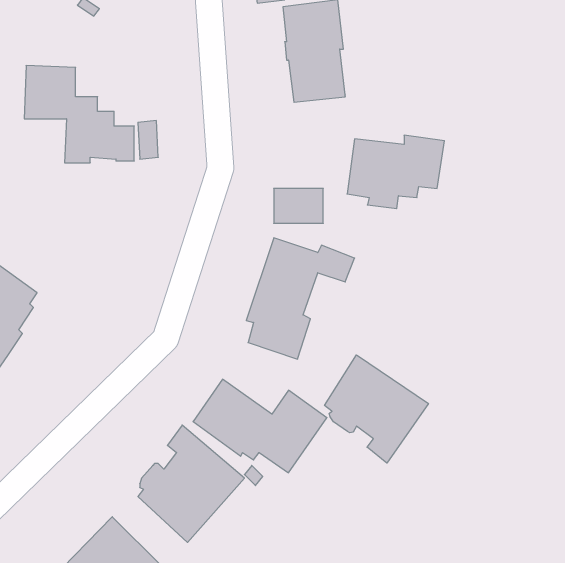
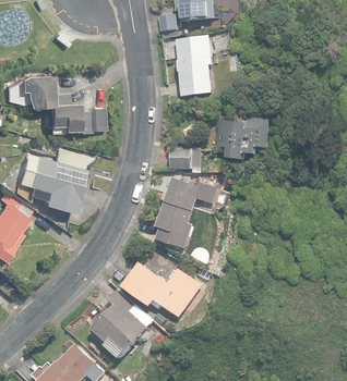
building: none -> [15,148,93,213]
building: [325,355,428,463] -> none

